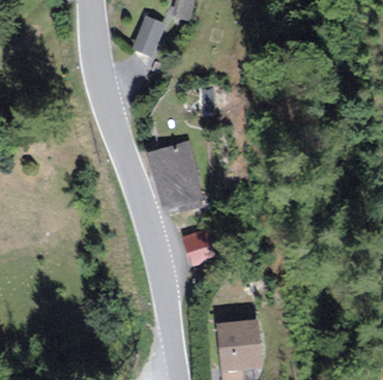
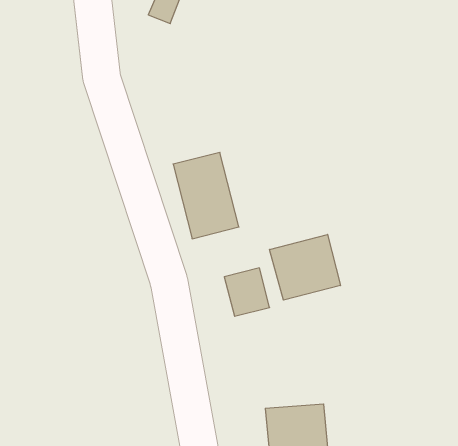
building: none -> [270,234,340,300]

